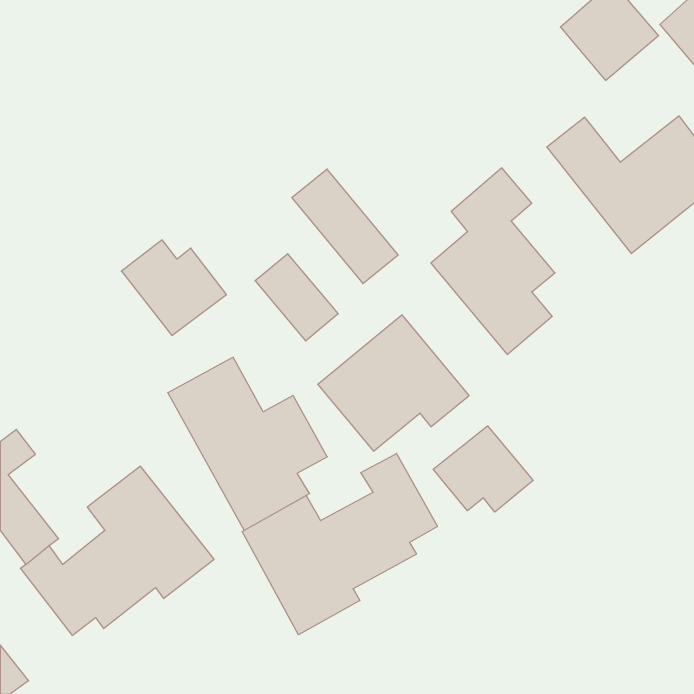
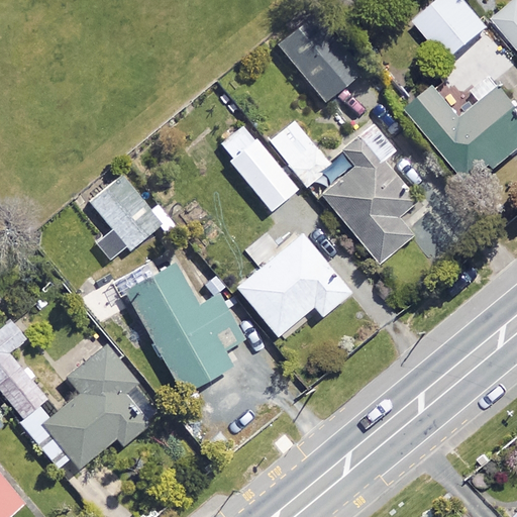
building: none -> [271,12,357,108]
building: [255,254,338,341] -> [269,120,330,185]
building: [433,426,533,512] -> none
building: [242,453,437,635] -> none

